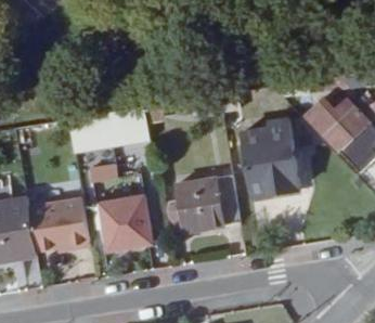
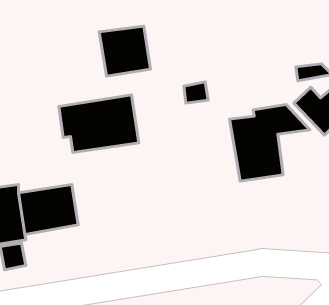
building: none -> [99,26,151,76]
building: [178,176,237,231] -> none
building: [102,196,151,248] -> none

